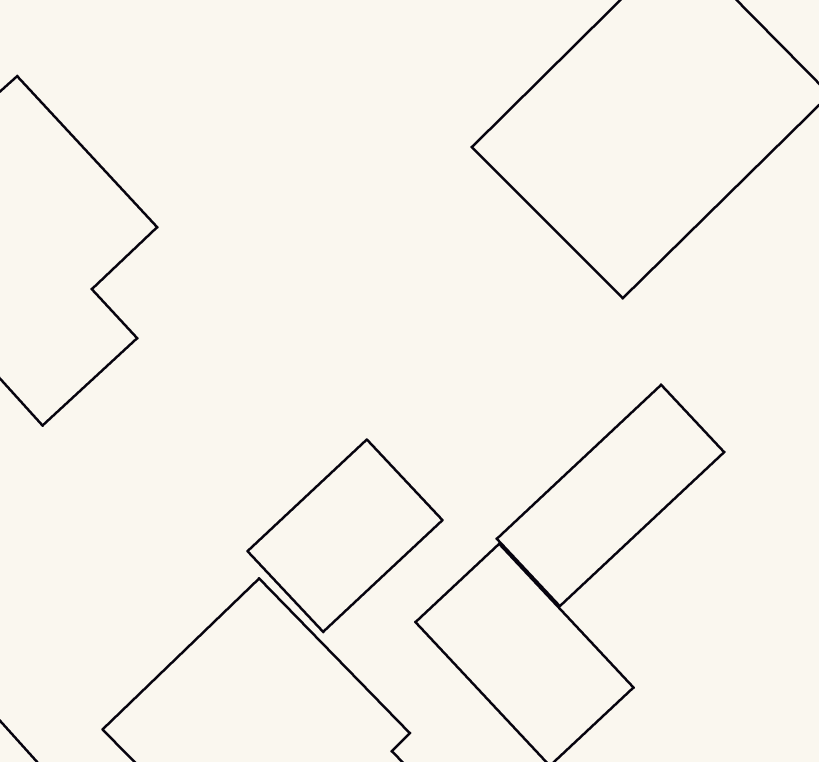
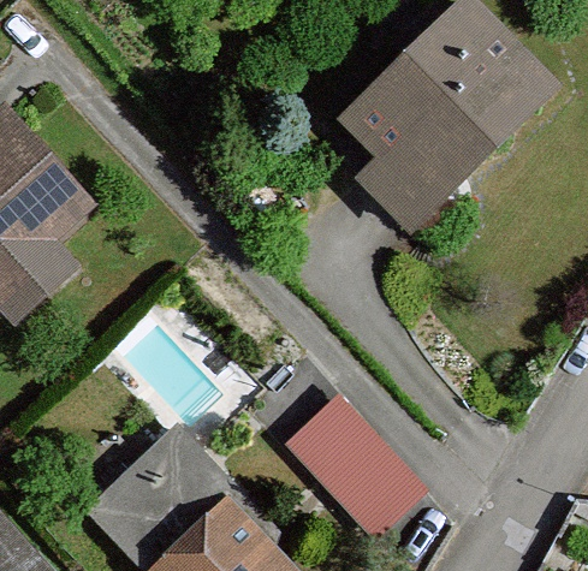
building: [497,385,724,606] -> none
building: [248,440,442,632] -> none

